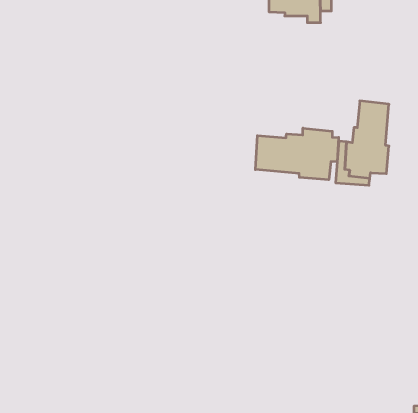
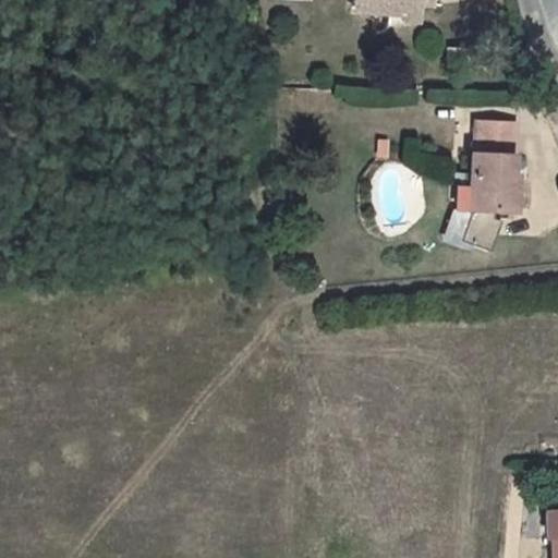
building: [255,128,339,180] -> none

